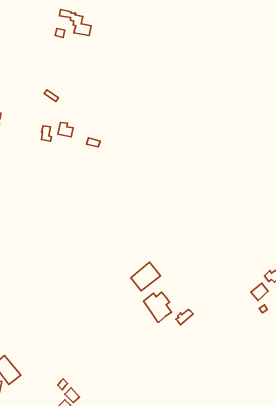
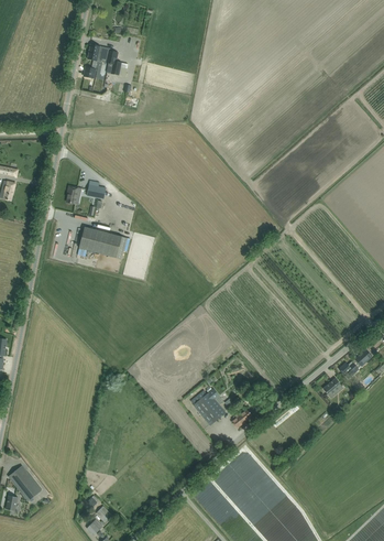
building: none -> [79,226,128,259]
building: [131,262,160,291] -> none

